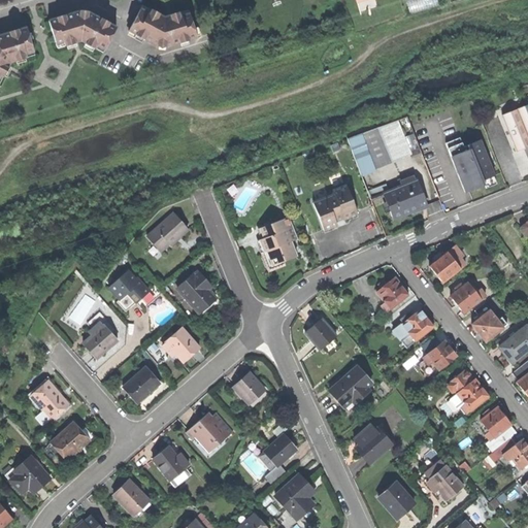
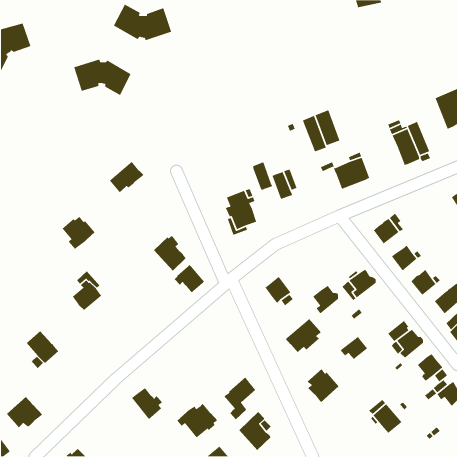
building: [51,9,118,53] -> [73,59,131,96]
building: [380,119,412,162] -> none
building: [334,185,359,219] -> [252,161,274,191]
building: [147,211,189,249] -> [109,161,145,193]
building: [110,271,150,310] -> [61,216,95,250]
building: [377,277,408,311] -> [312,285,339,314]
building: [163,327,199,361] -> [174,264,205,293]
building: [424,340,457,368] -> [339,336,368,360]
building: [122,365,160,402] -> none
building: [233,372,267,407] -> none
building: [185,411,233,453] -> [176,403,218,439]
building: [51,422,89,459] -> none
building: [112,480,148,515] -> none
building: [380,483,415,518] -> none

